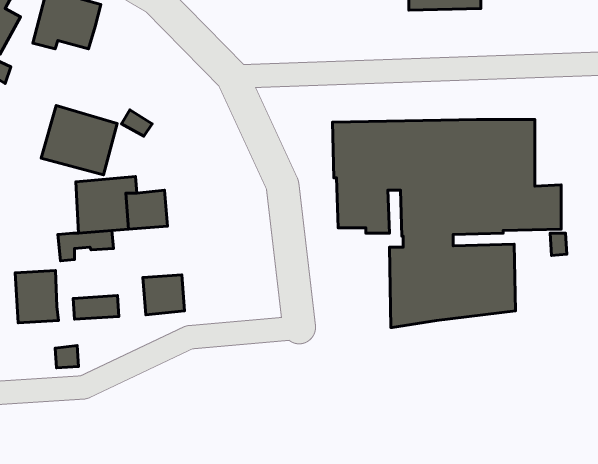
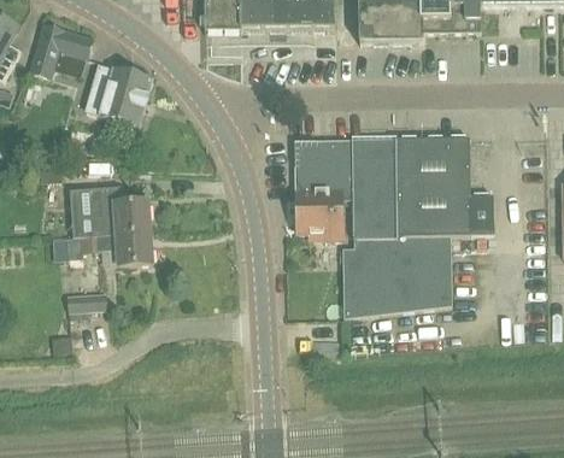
building: [41,106,117,175] -> [86,63,152,123]
building: [15,270,59,323] -> none
building: [143,275,185,315] -> [116,229,152,264]

